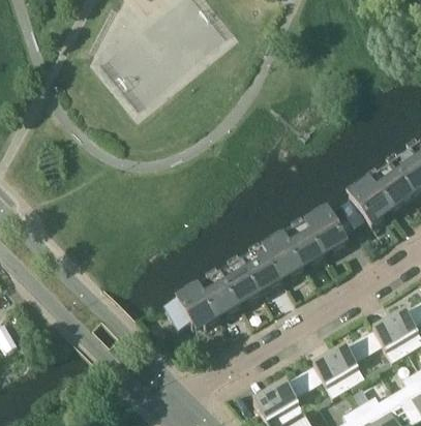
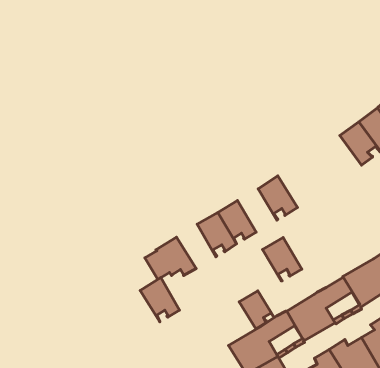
building: [349,180,393,226] -> none
building: [305,204,354,255] -> none
building: [263,236,304,281] -> [262,238,302,281]
building: [199,273,240,320] -> [140,278,180,322]
building: none -> [239,291,274,329]

